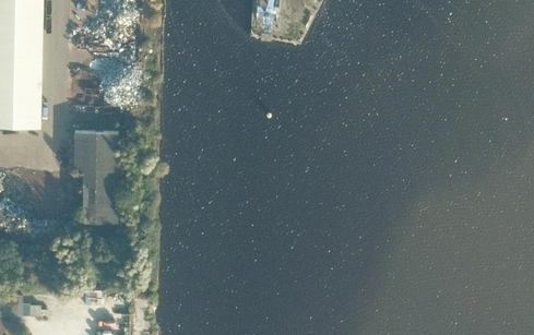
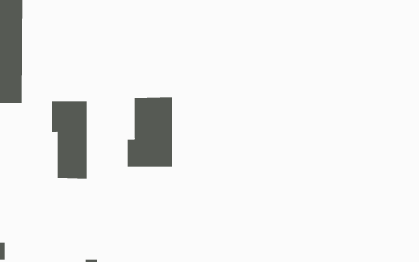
building: none -> [127,97,172,168]

